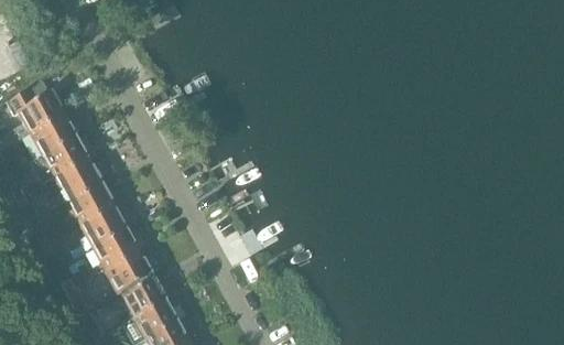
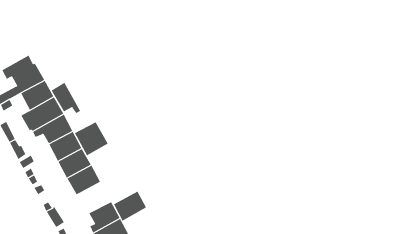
building: none -> [51,82,81,114]
building: none -> [74,122,109,156]
building: [110,256,155,297] -> [113,191,147,221]

